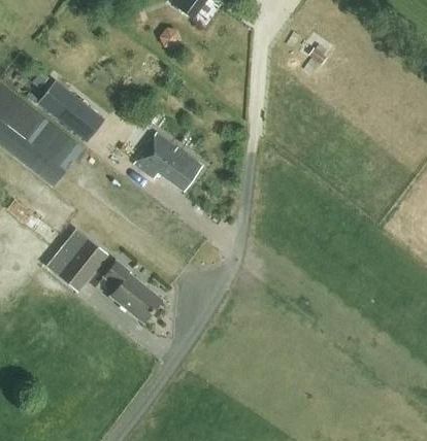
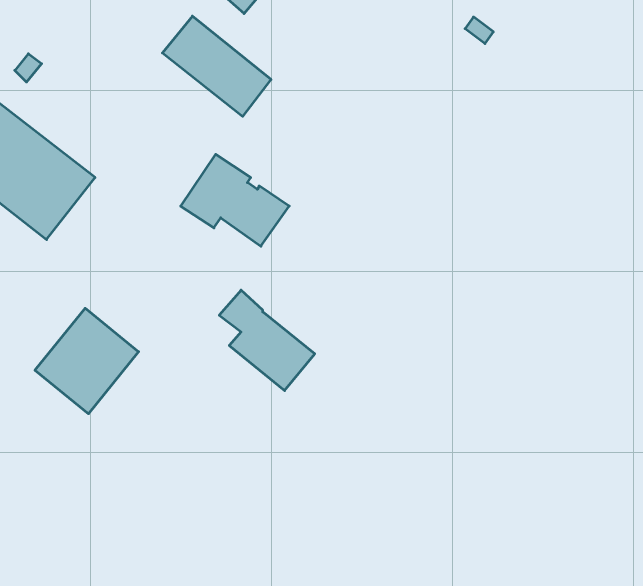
building: [38,80,105,142] -> [162,16,271,116]
building: [104,261,163,323] -> [219,290,315,391]

